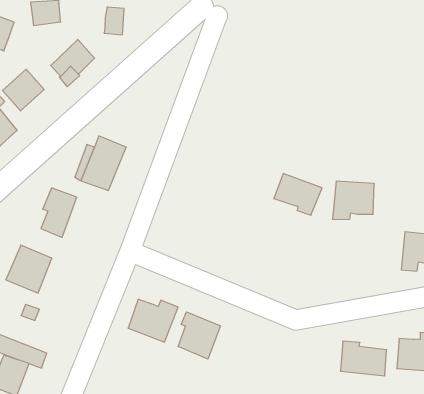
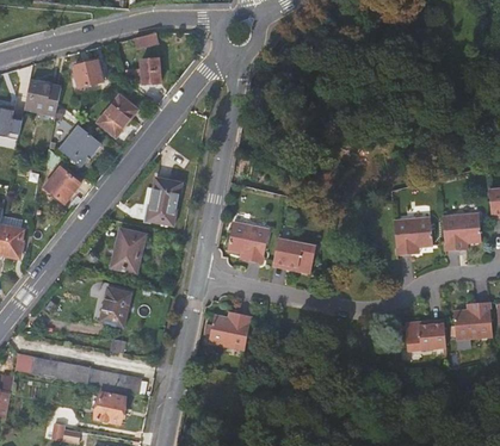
building: [274,174,322,215] -> [273,240,315,273]
building: [332,181,374,219] -> [394,217,432,255]
building: none -> [226,224,268,265]
building: [178,312,221,359] -> none

